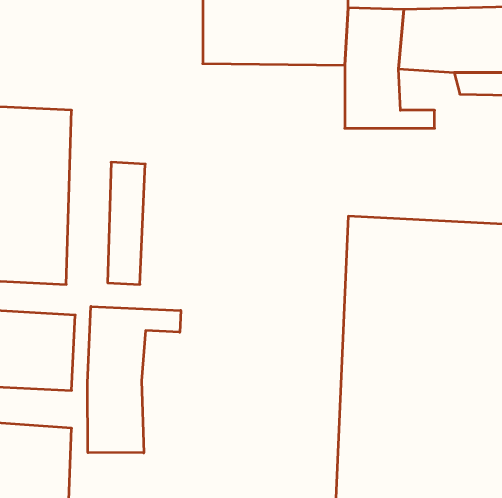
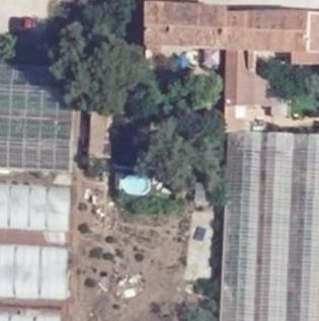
building: none -> [226,81,276,106]
building: [87,306,181,453] -> none

